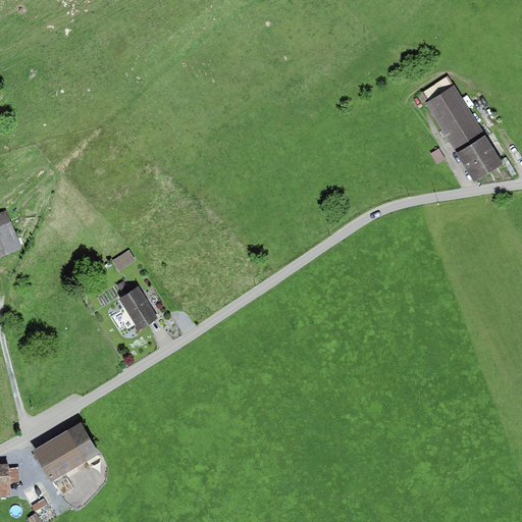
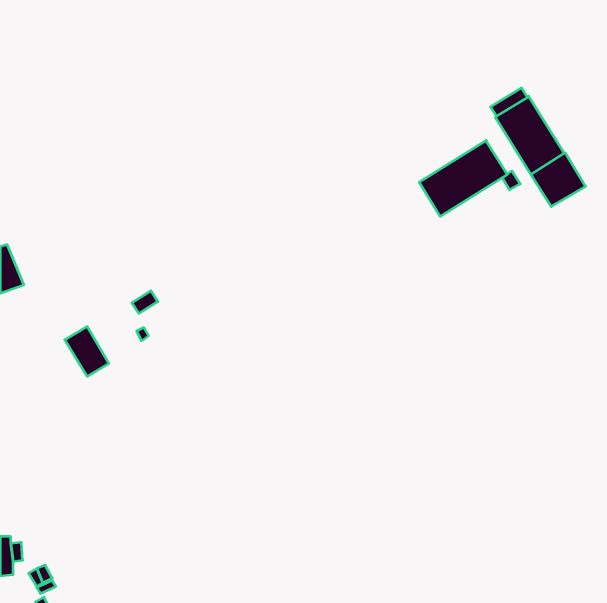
building: none -> [419,140,507,216]
building: [119,288,157,330] -> [65,327,109,376]
building: [34,422,99,480] -> none

